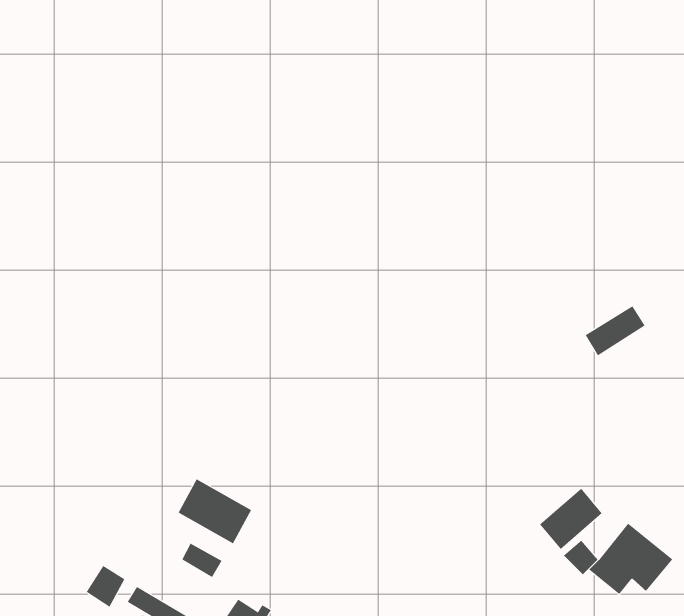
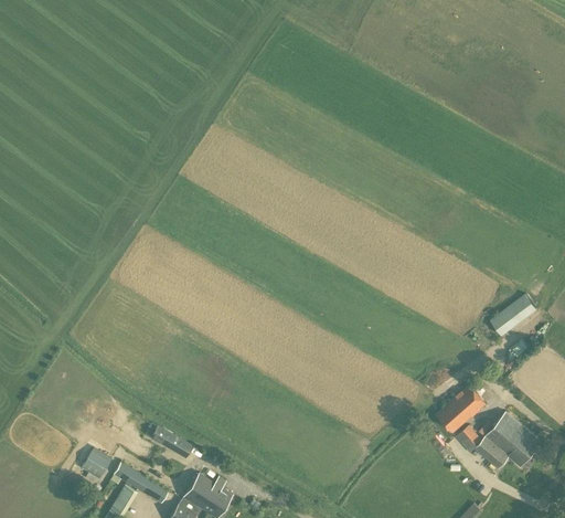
building: [585,306,645,356] -> [490,294,537,334]
building: [178,478,252,544] -> none

